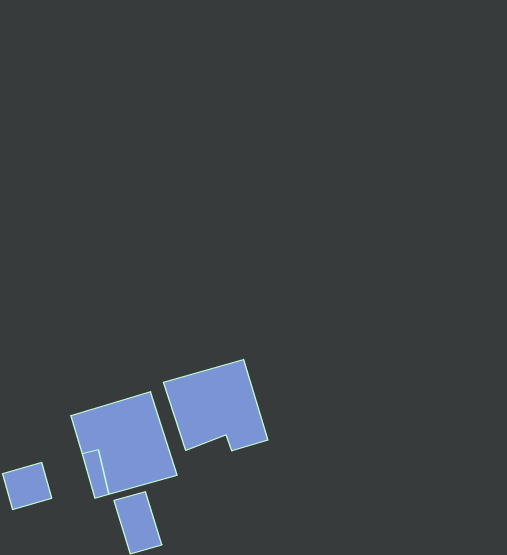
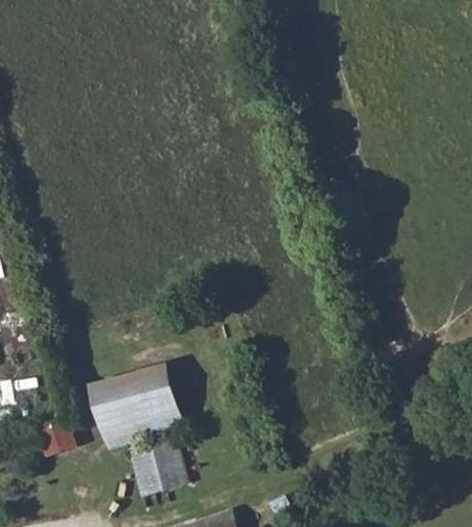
building: [164,359,268,451] -> none
building: none -> [153,438,189,488]

